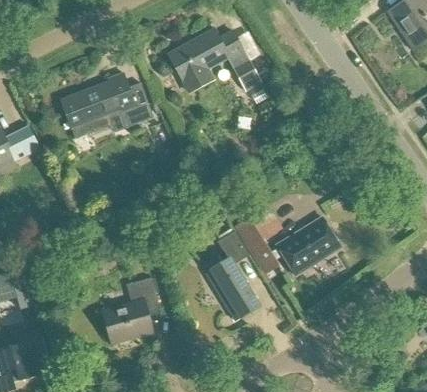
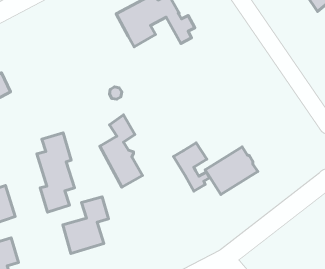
building: [60,73,154,139] -> none
building: none -> [37,133,74,212]
building: [205,231,257,319] -> [100,115,142,187]

